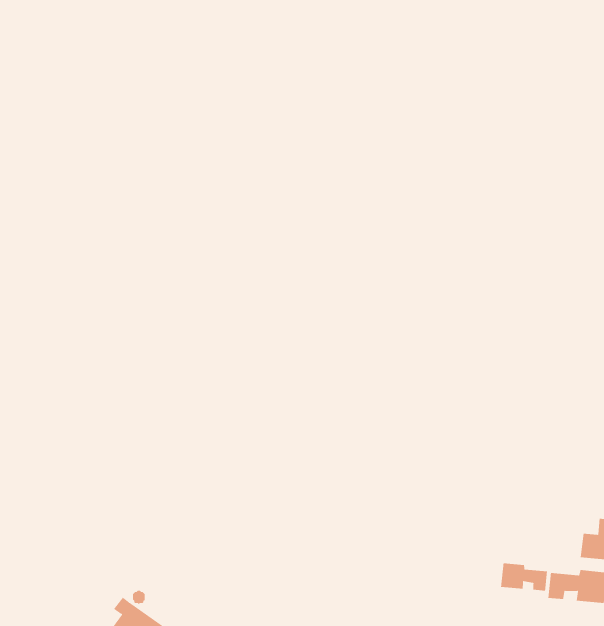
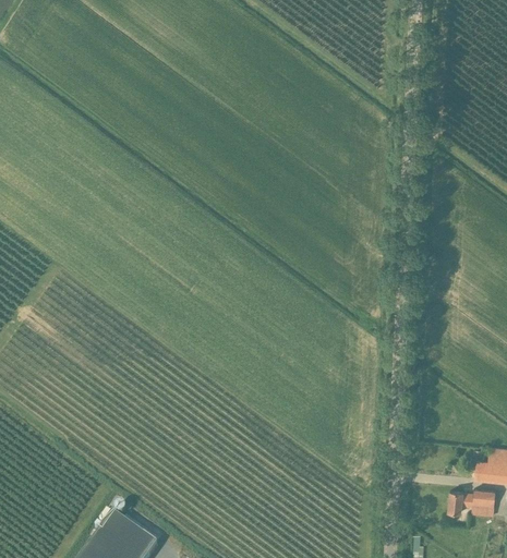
building: [501,562,547,592] -> none

